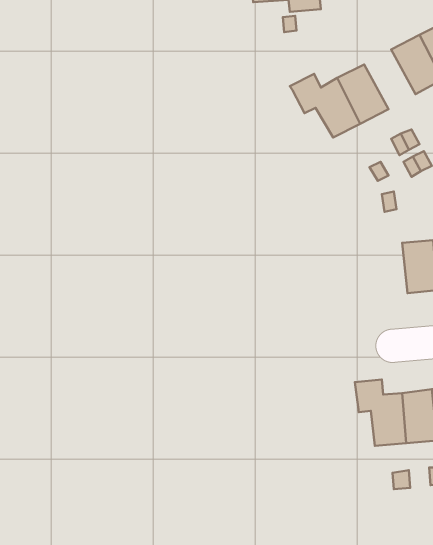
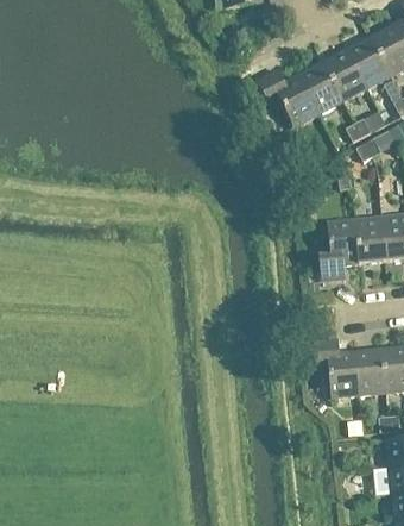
building: none -> [322,48,367,100]
building: none -> [318,218,360,280]

